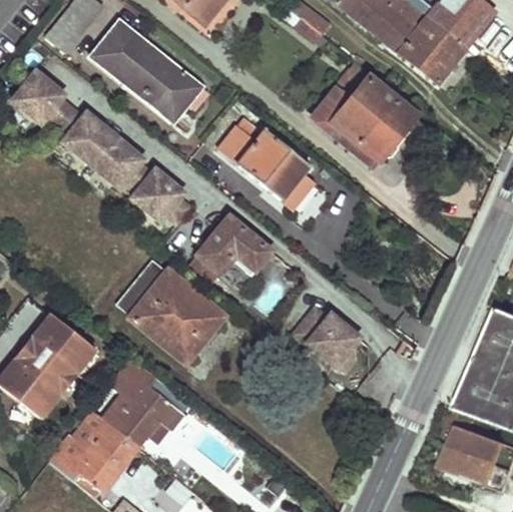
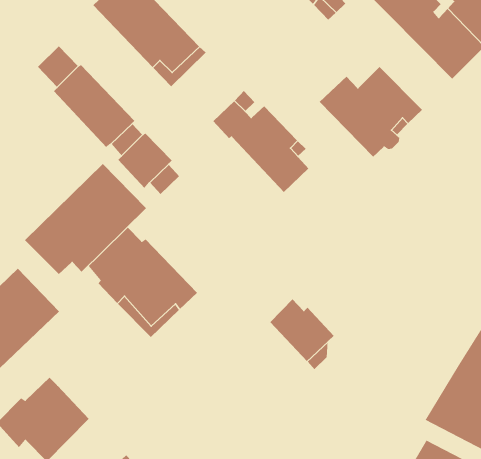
building: [13,70,65,124] -> none
building: none -> [24,163,147,275]
building: [196,216,272,275] -> none
building: [103,357,189,447] -> none

